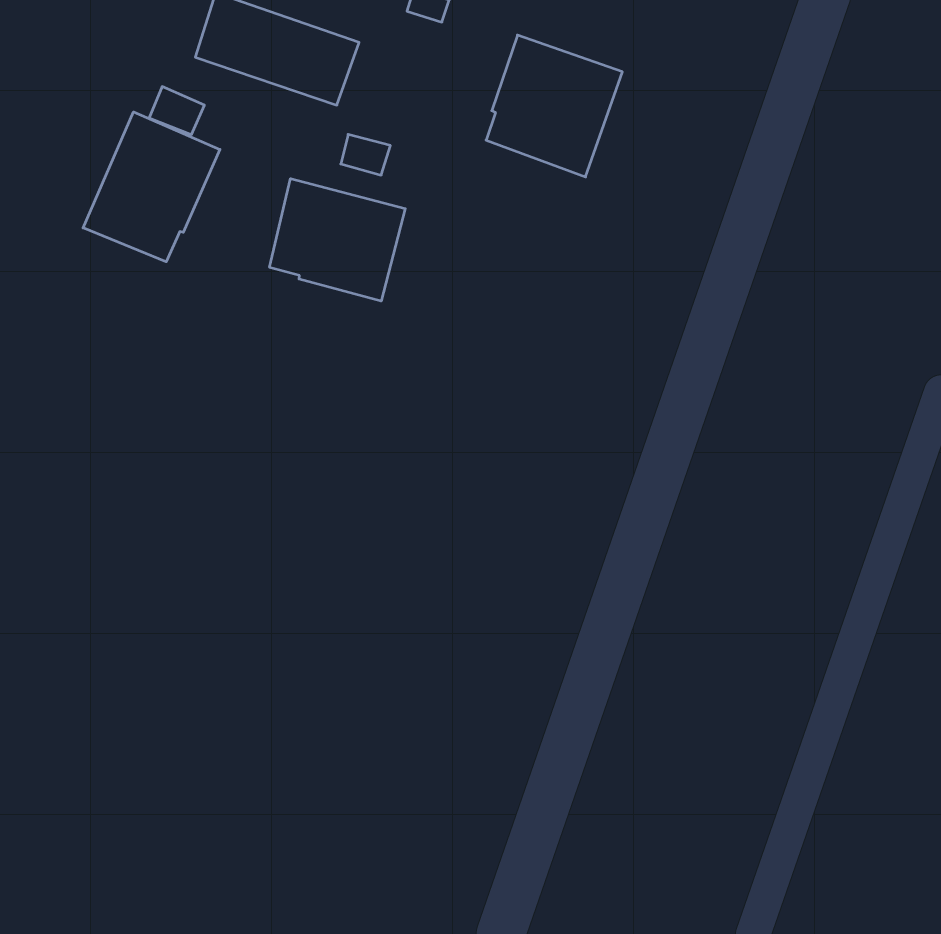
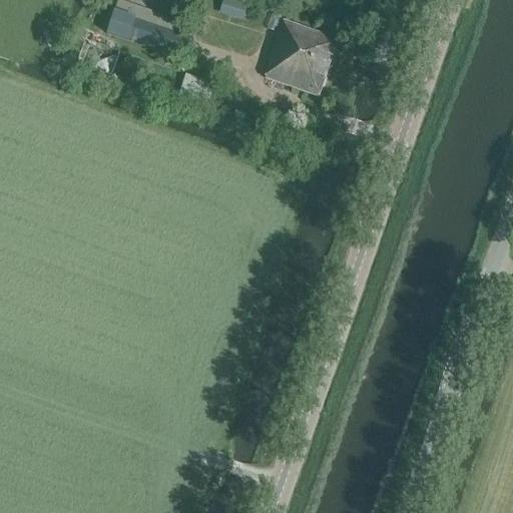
building: [83,112,220,262] -> none
building: [270,179,405,301] -> none

